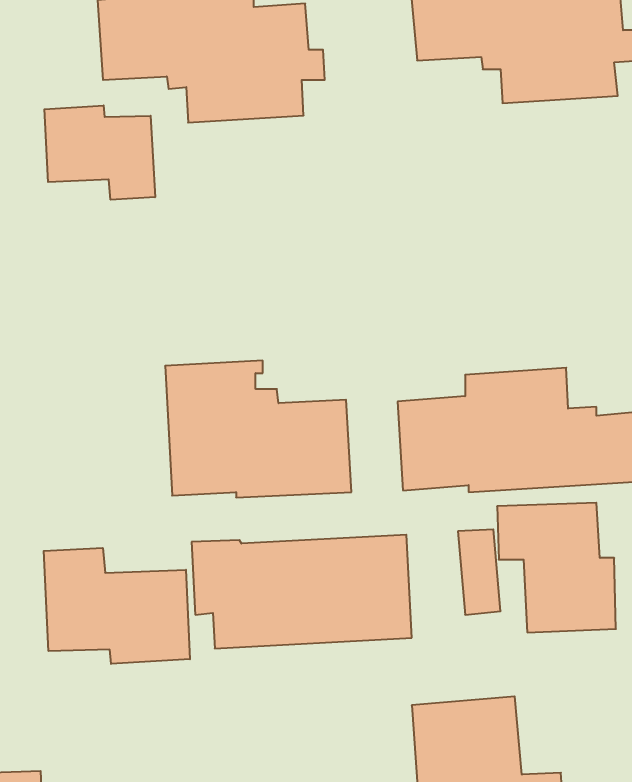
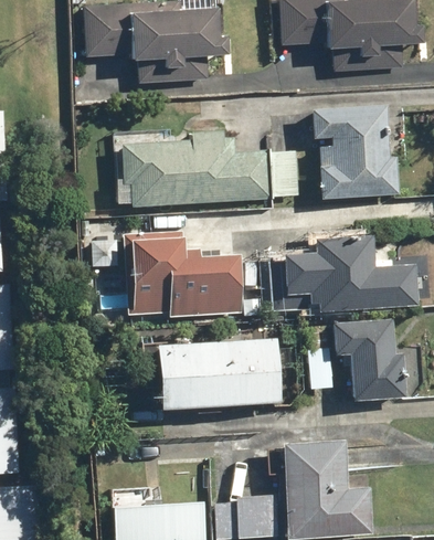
building: [44,105,155,200] -> none
building: none -> [307,105,398,199]
building: none -> [114,128,298,207]
building: [44,548,190,664] -> none

